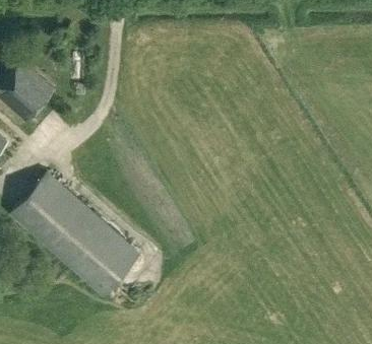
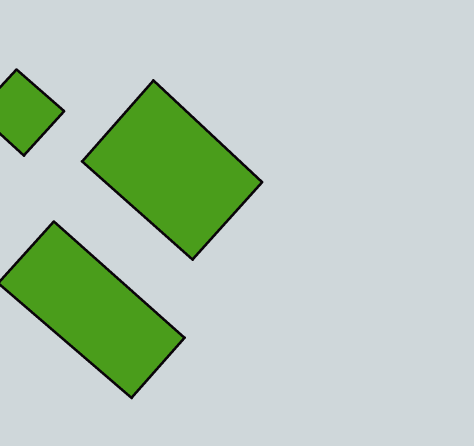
building: none -> [82,80,262,260]

